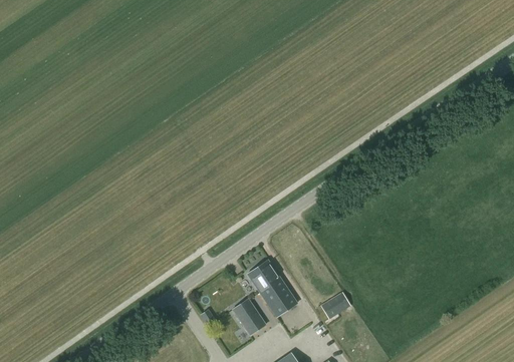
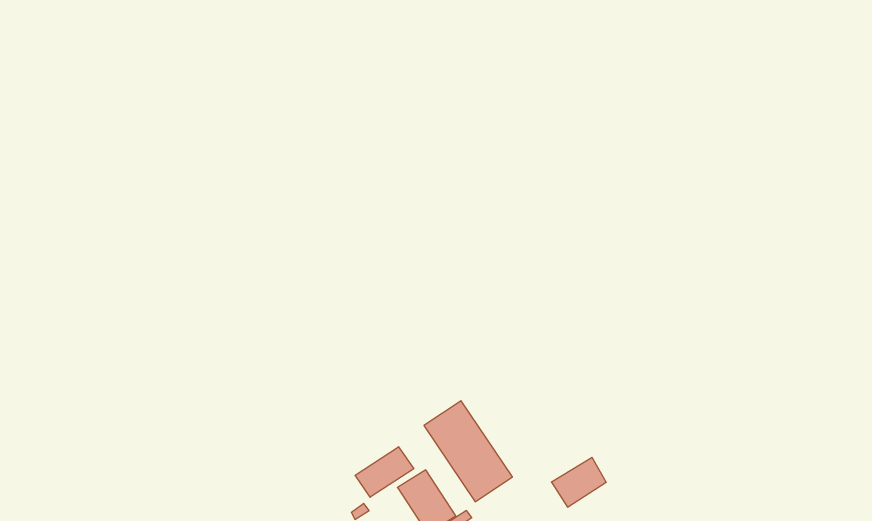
building: none -> [355,447,414,497]

